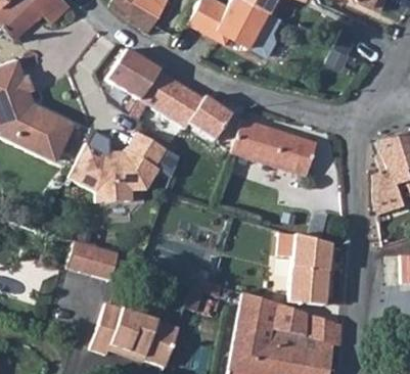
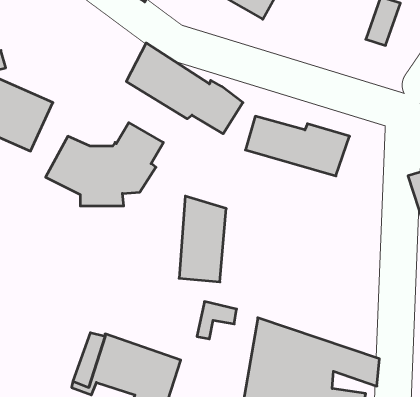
building: [105,51,150,98] -> none
building: [290,234,329,305] -> [179,196,226,282]
building: [67,238,121,280] -> none

